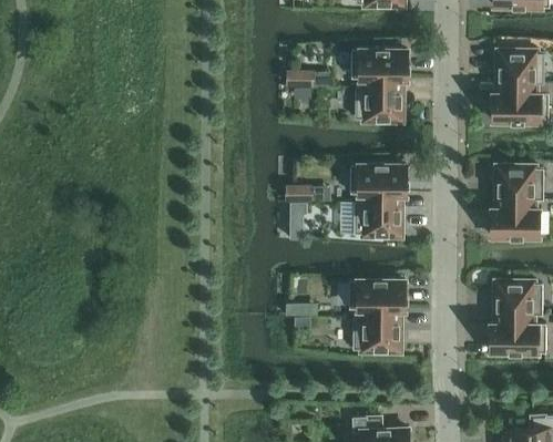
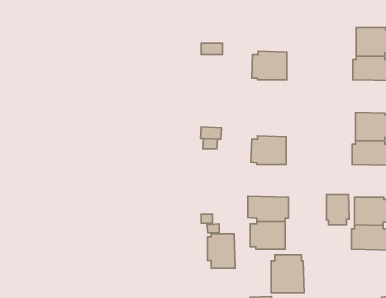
building: [351,50,407,83] -> none
building: [350,164,406,198] -> none
building: none -> [327,195,349,225]
building: none -> [208,234,235,268]
building: none -> [271,255,304,293]

